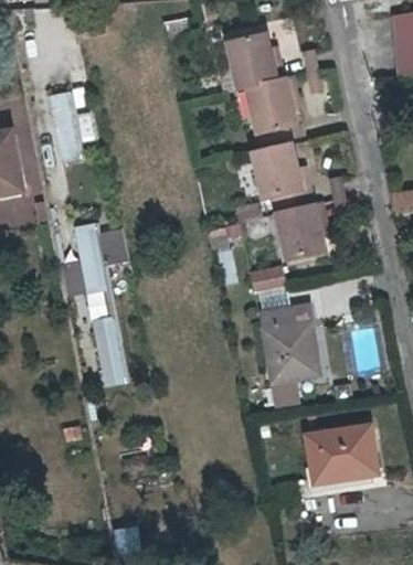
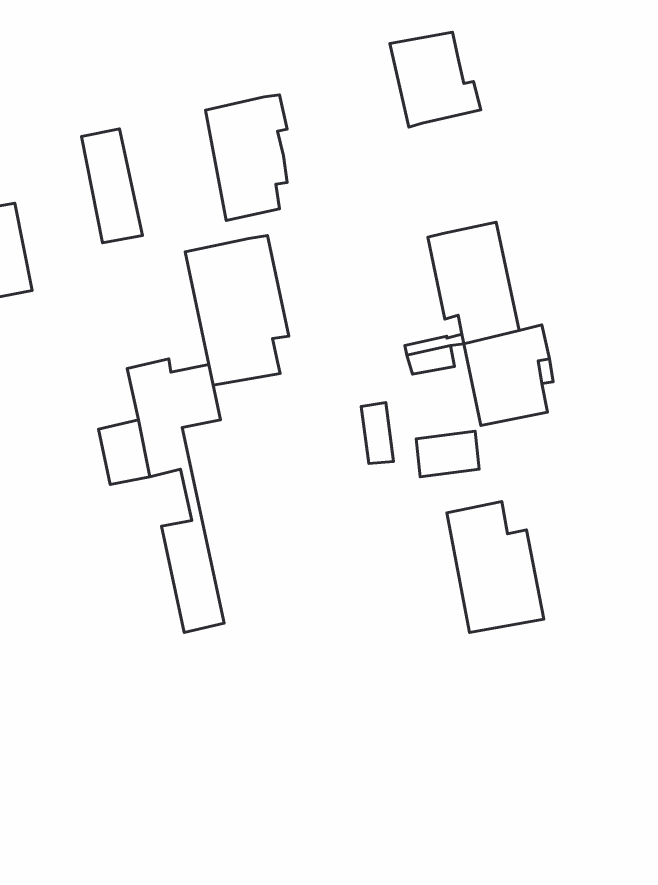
building: [246,77,294,150] -> [205,95,287,220]
building: none -> [185,235,289,385]
building: [310,430,379,487] -> none

